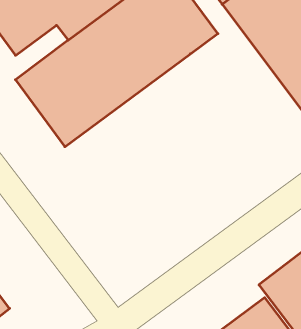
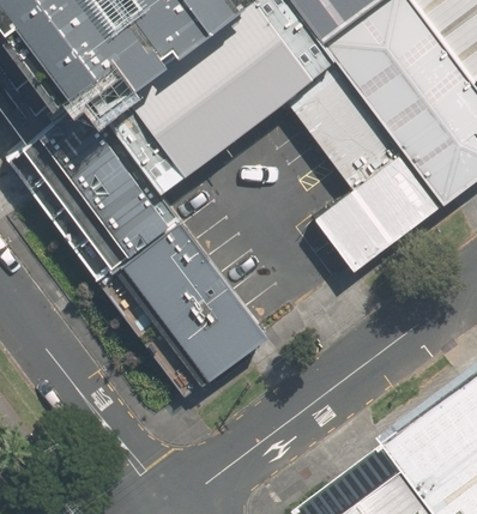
building: none -> [282,85,418,268]
building: none -> [107,220,249,374]

